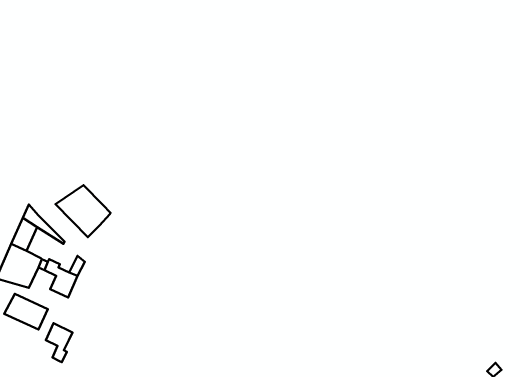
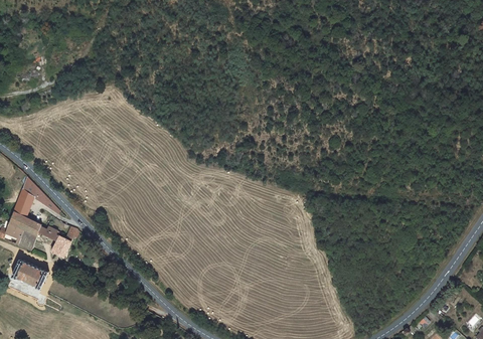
building: [56,185,110,237] -> none
building: [46,323,73,362] -> none

